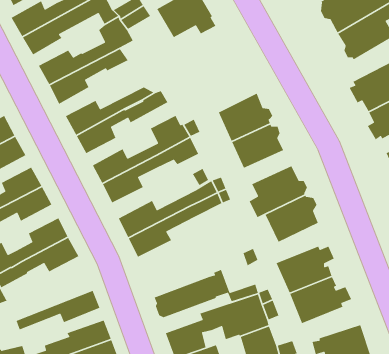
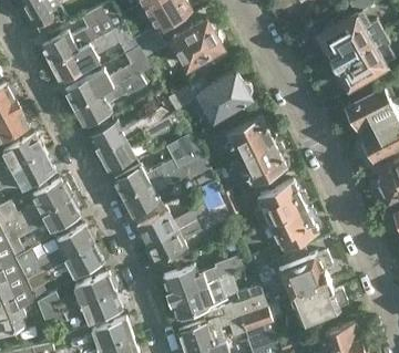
building: none -> [167,71,252,120]
building: none -> [161,256,246,300]
building: none -> [37,276,114,321]

